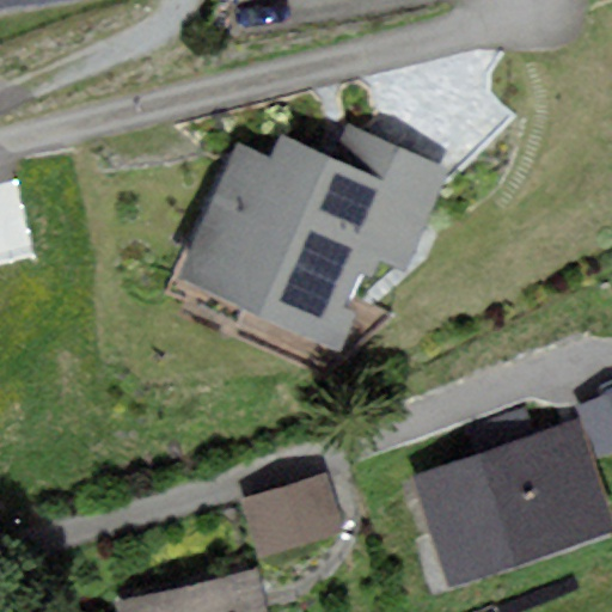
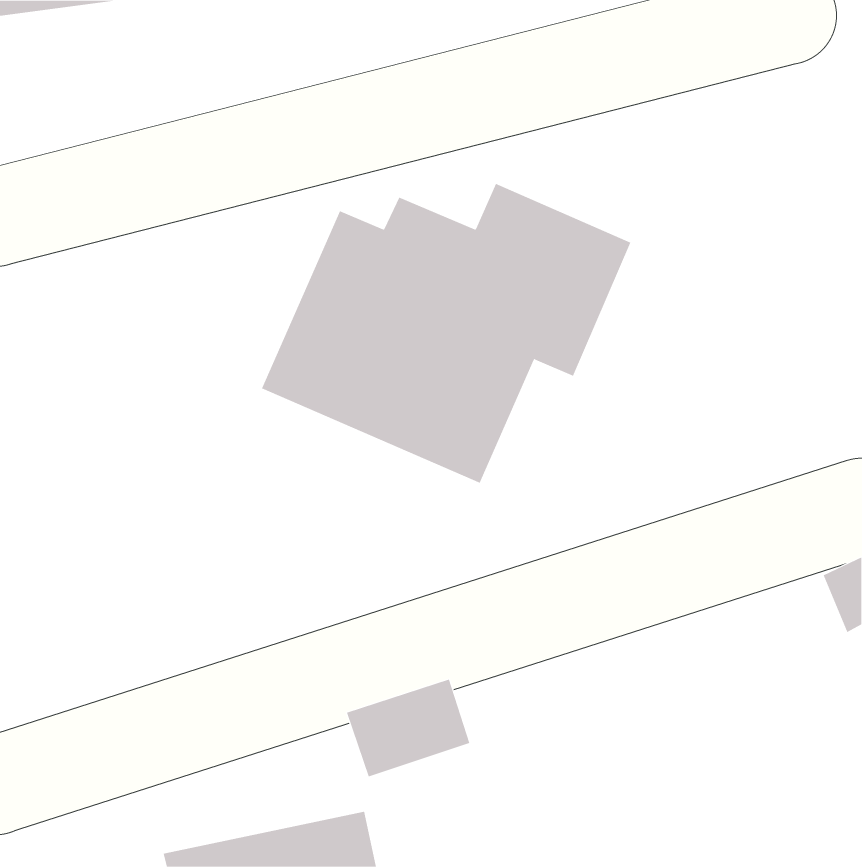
building: [416,436,574,576] -> none

